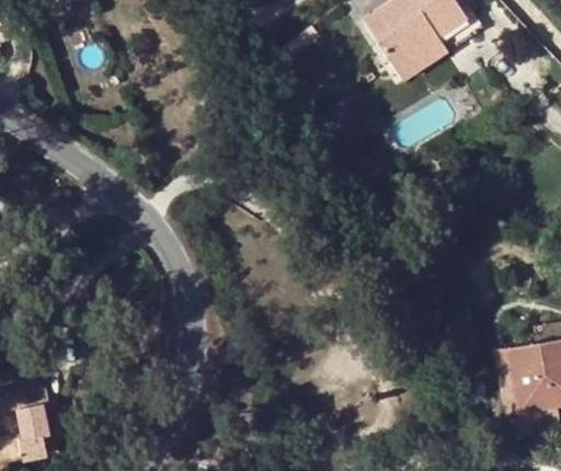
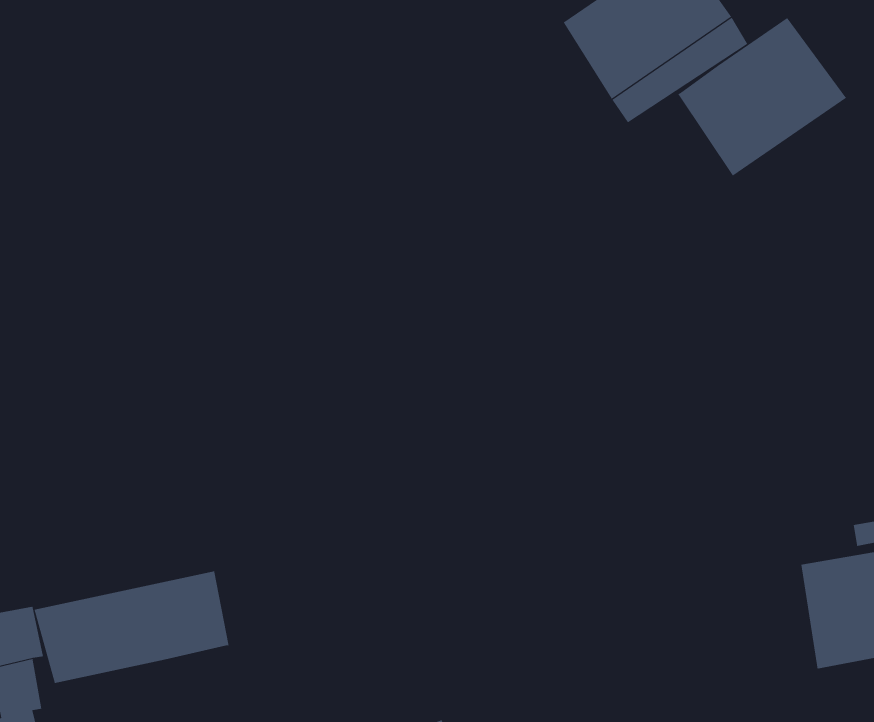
building: none -> [677,17,847,177]
building: none -> [34,571,229,684]

